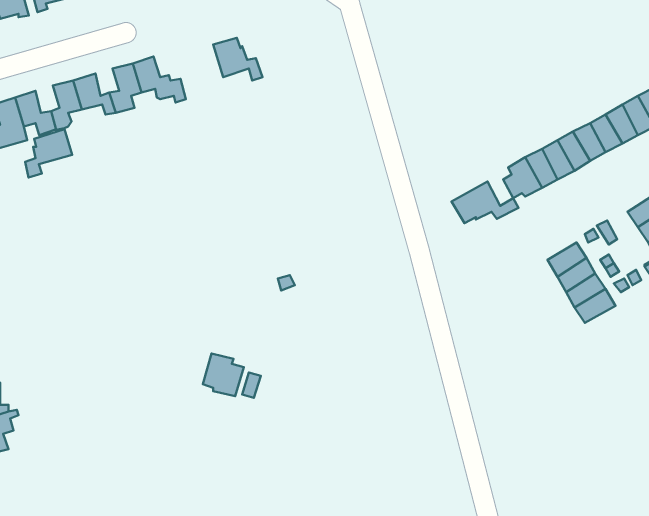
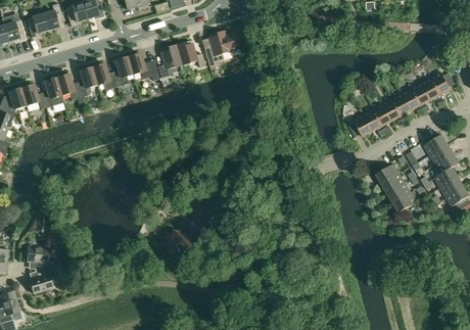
building: none -> [204,31,238,68]
building: none -> [157,45,181,78]
building: [25,129,72,177] -> none
building: [451,182,518,223] -> none

